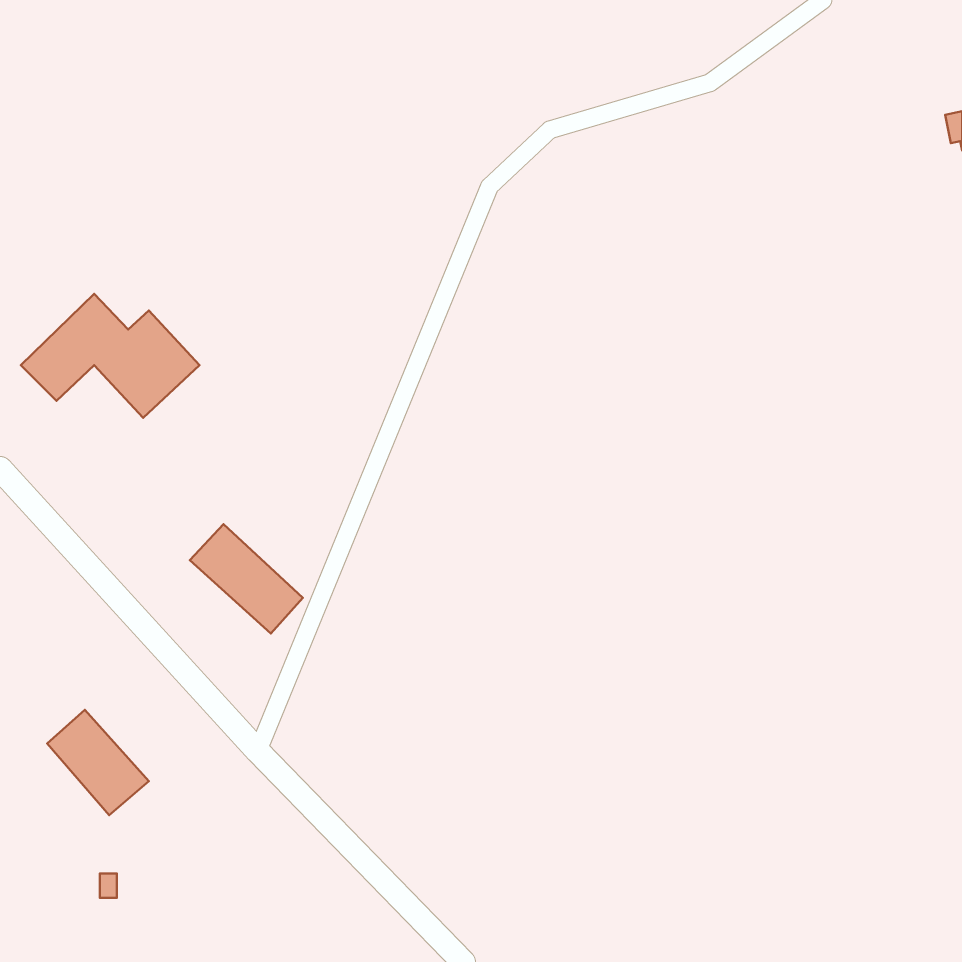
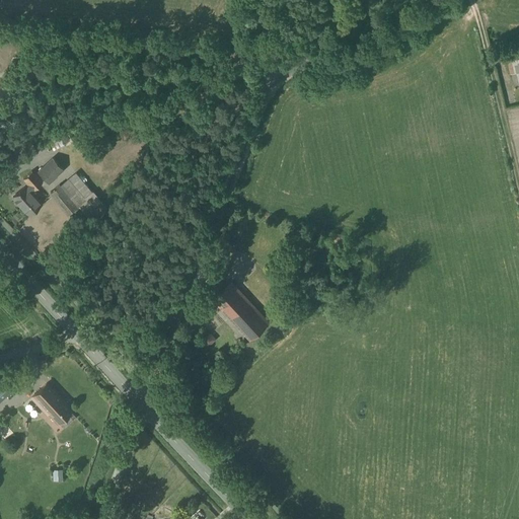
building: [190,524,303,633] -> [211,281,272,340]

